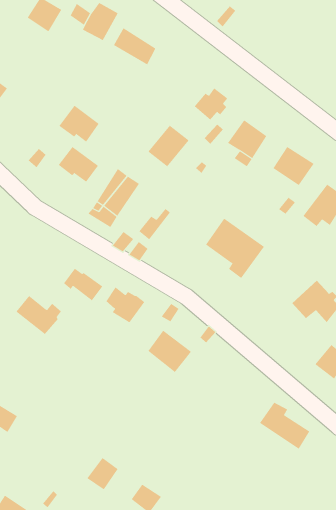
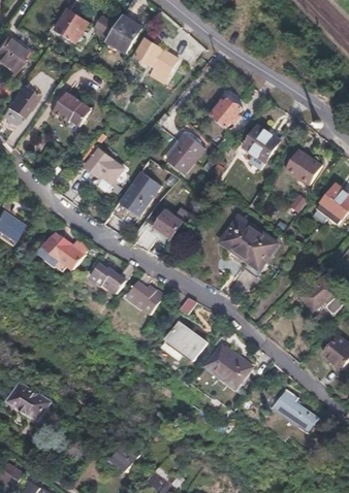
building: [59,105,100,143] -> [53,94,91,129]
building: [15,295,62,335] -> [44,232,88,269]
building: none -> [208,344,254,386]

